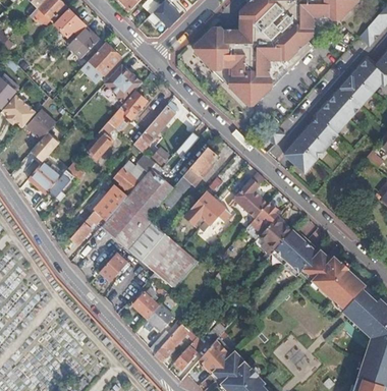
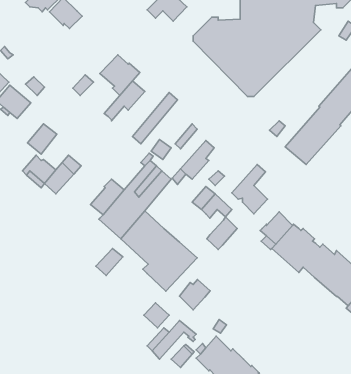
building: [66,27,99,59] -> none
building: [88,44,119,75] -> none
building: [26,111,55,139] -> none
building: [89,122,114,160] -> none
building: [114,162,143,190] -> none
building: [250,203,279,234] -> [207,217,237,249]
building: [70,211,106,244] -> none
building: [132,289,162,319] -> [180,279,210,310]

